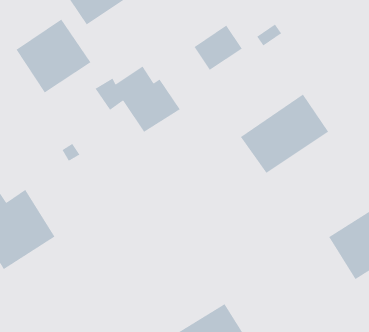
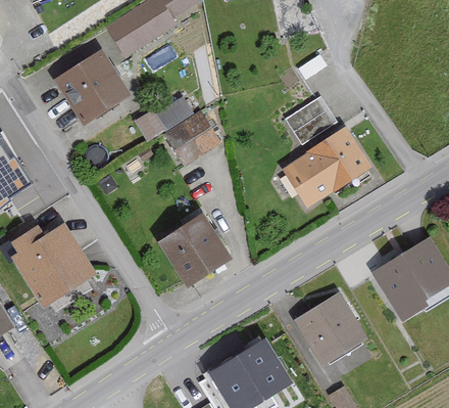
building: [194,25,243,71] -> [287,96,337,143]
building: none -> [157,213,230,286]
building: none -> [295,292,365,363]

